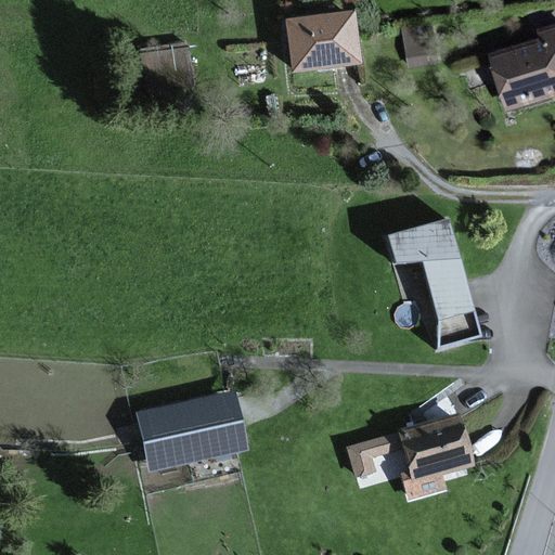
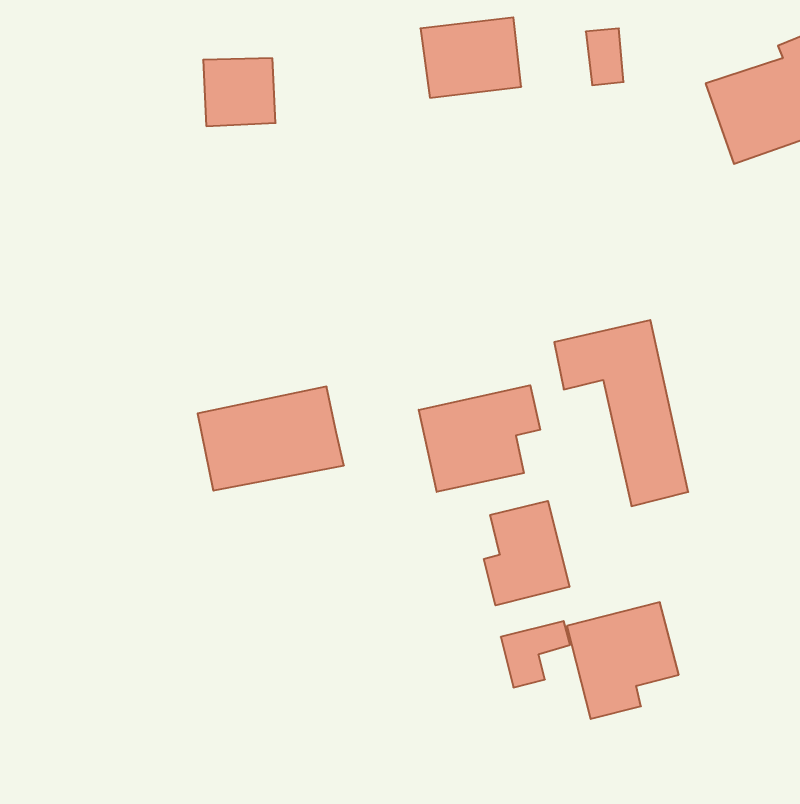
building: none -> [419,385,540,492]
building: none -> [484,501,569,605]
building: [145,395,246,466] -> [198,387,344,491]

